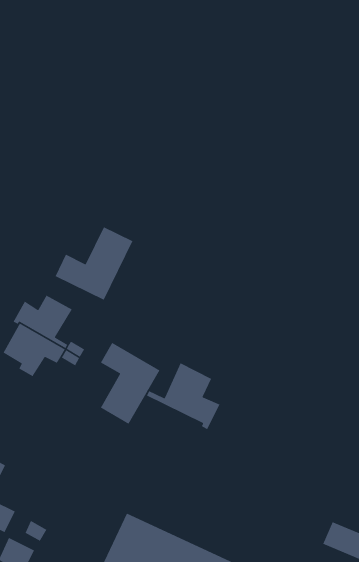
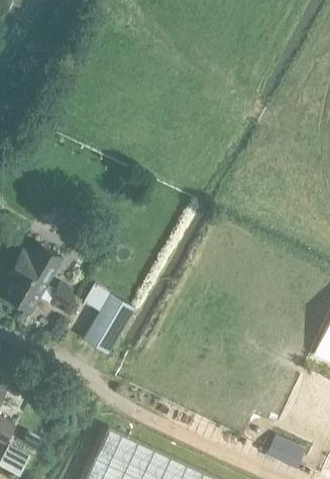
building: [54,226,134,301] -> none
building: [146,362,221,431] -> none

